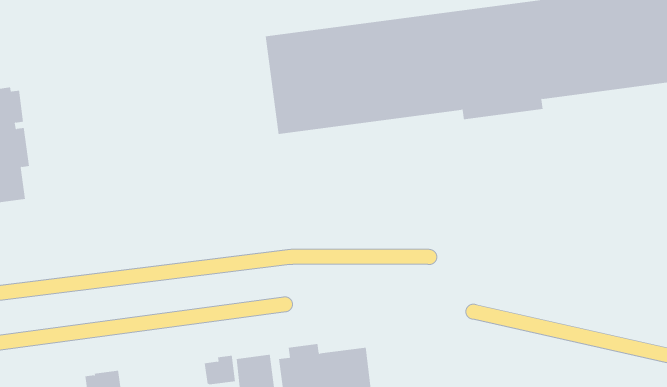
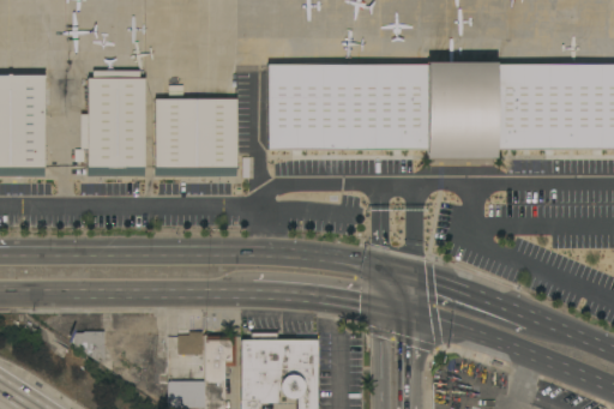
building: none -> [80,70,145,175]
building: none -> [155,91,236,175]

